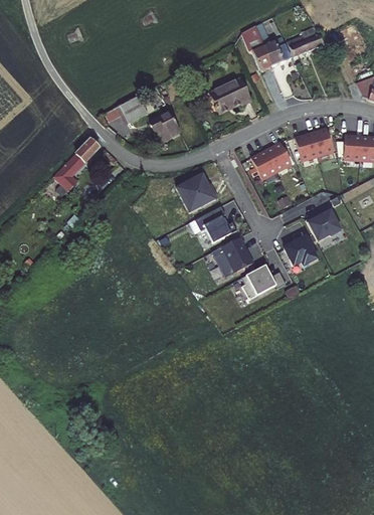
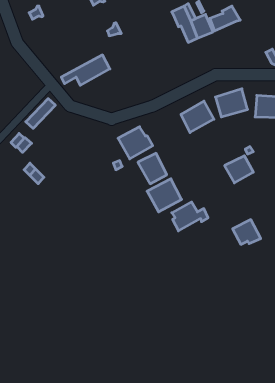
building: [210,78,251,113] -> none
building: [151,112,181,137] -> none
building: [284,235,318,266] -> [233,220,261,244]

